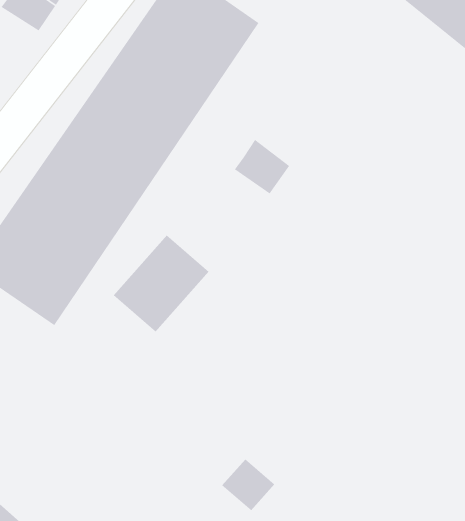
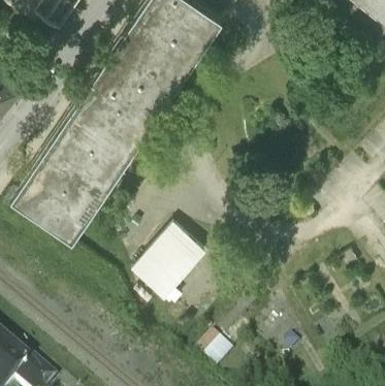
building: [234,139,290,194] -> none
building: [113,234,210,333] -> [138,223,208,294]

